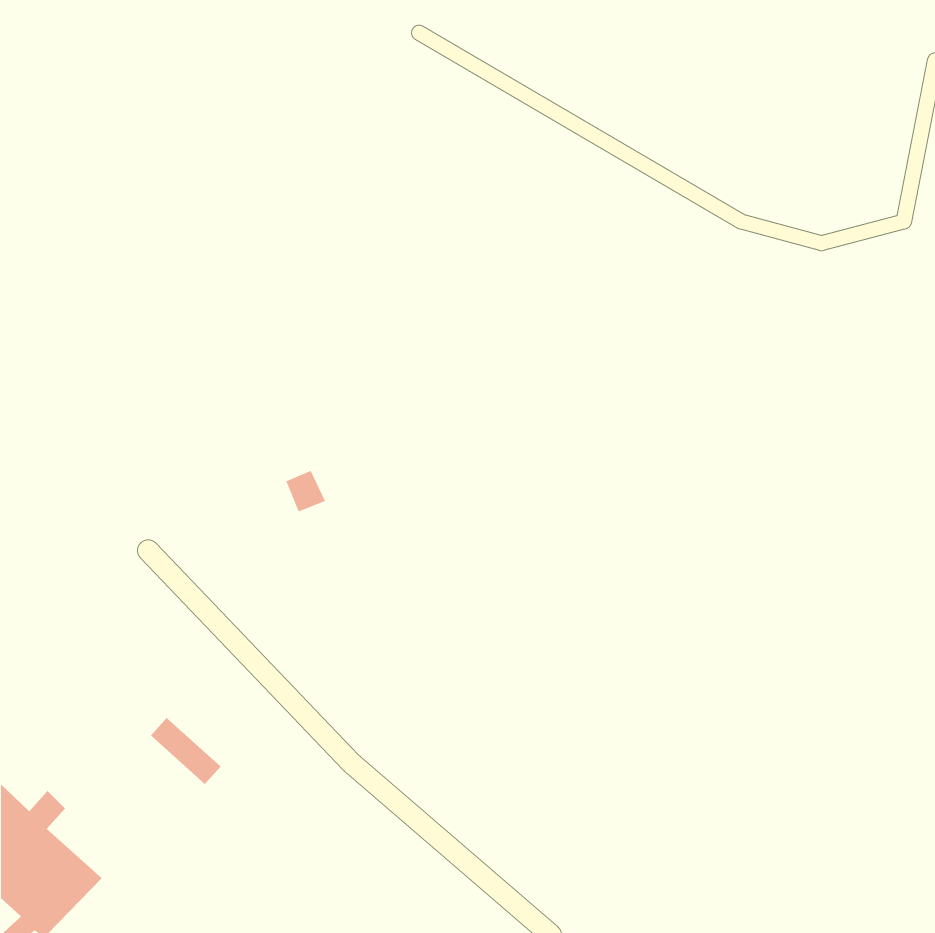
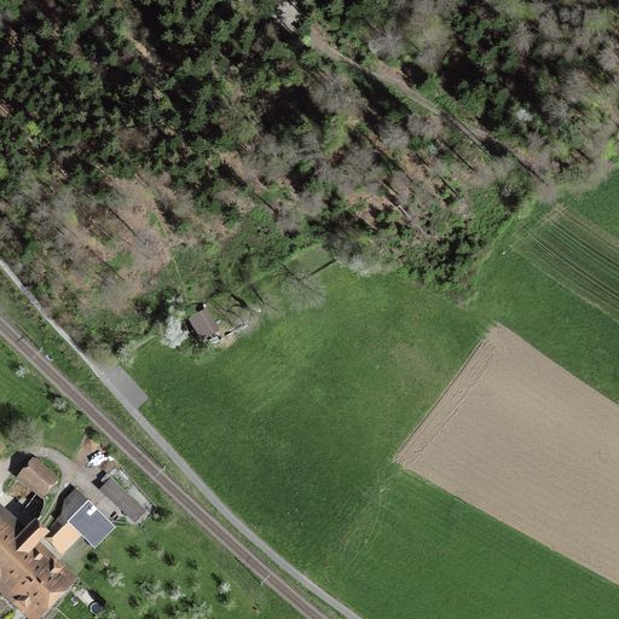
building: none -> [16,455,60,498]
building: none -> [46,487,120,554]

